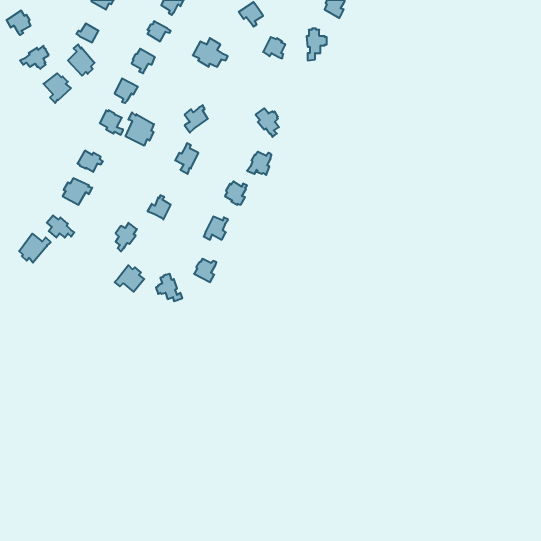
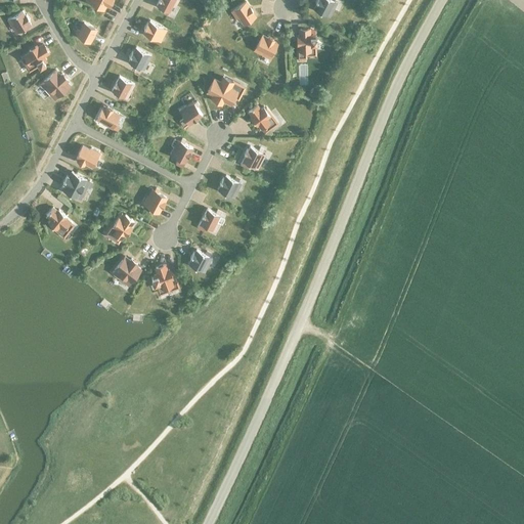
building: [193,38,228,67] -> [206,77,239,104]
building: [68,44,95,76] -> none
building: [126,112,154,146] -> none
building: [19,234,51,263] -> none

